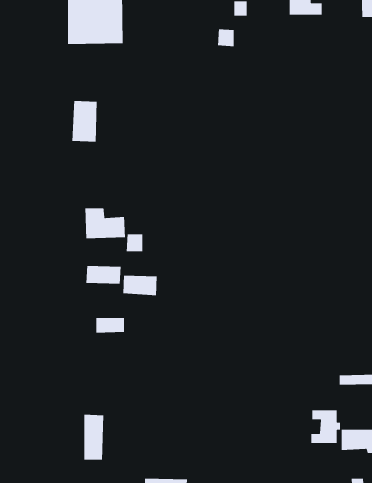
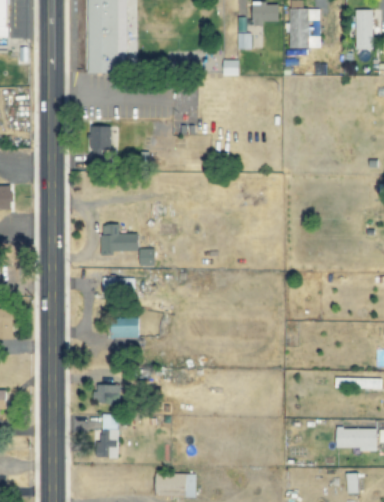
building: [123,275,157,296] -> none
building: none -> [95,384,120,403]
building: [311,410,341,444] -> none

